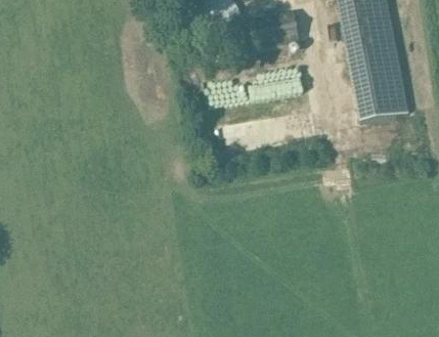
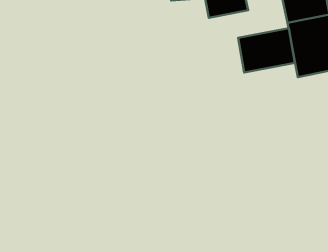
building: none -> [238,28,295,73]

